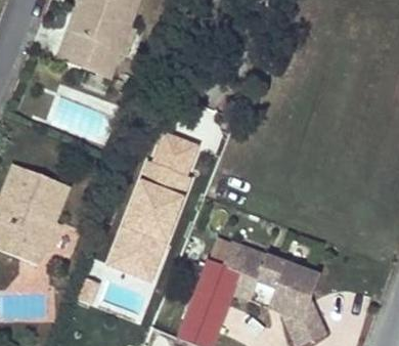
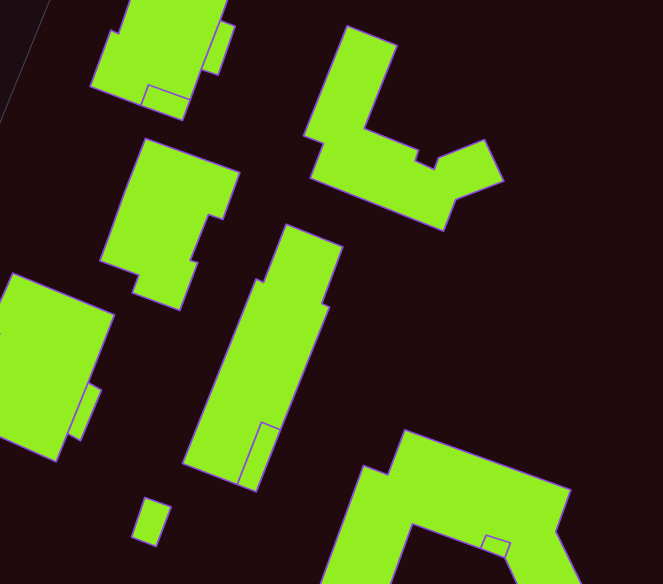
building: none -> [303,26,504,231]
building: none -> [100,138,240,311]

